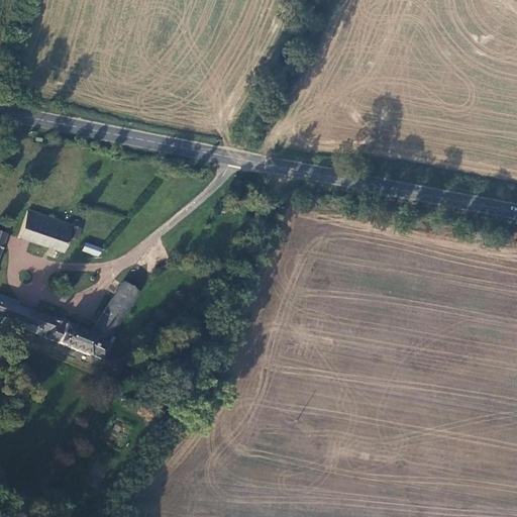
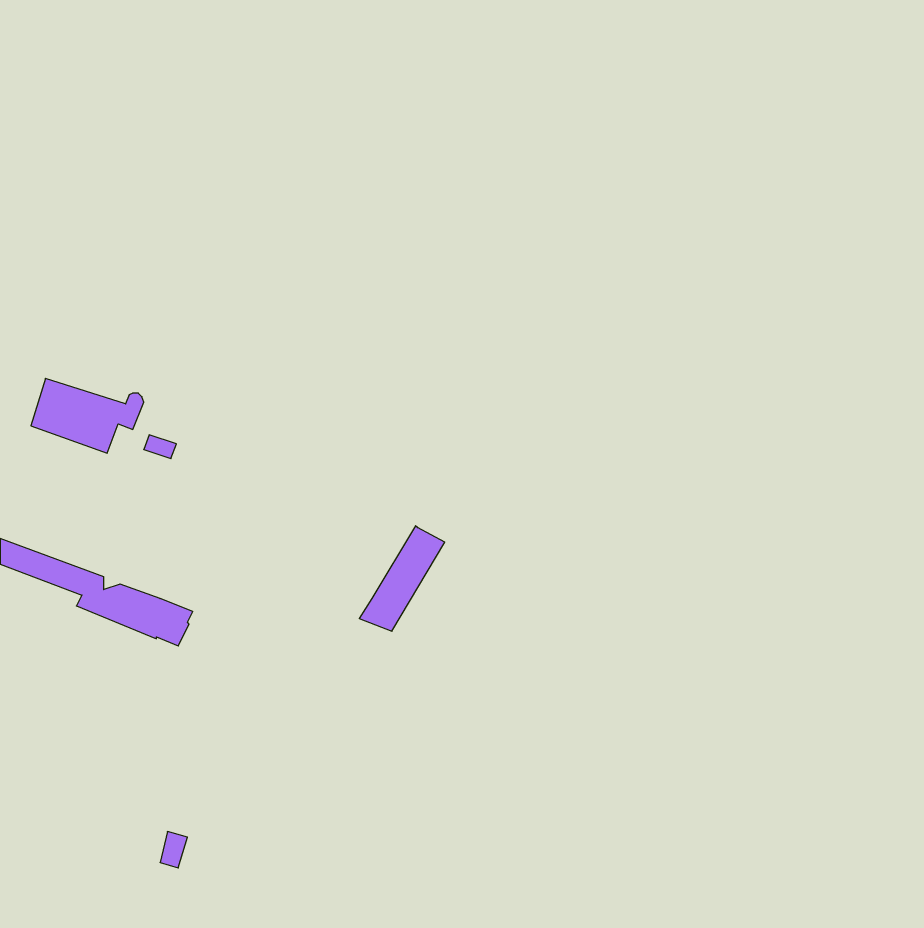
building: [92,281,139,339] -> [359,526,445,631]

